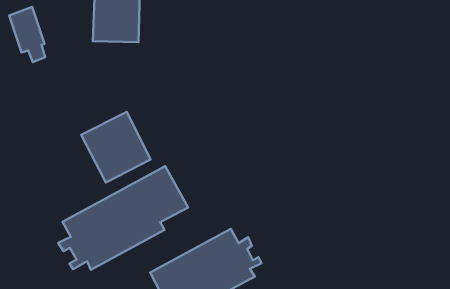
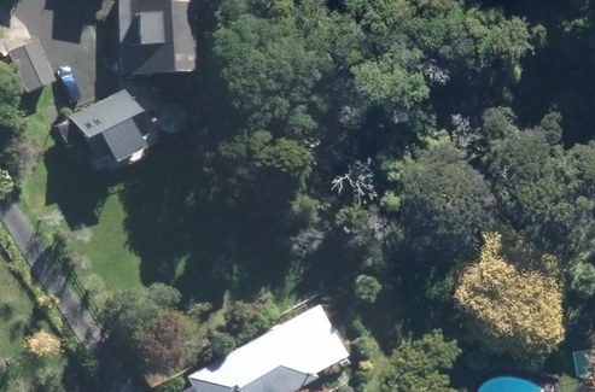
building: [81,112,151,182] -> [70,86,158,175]
building: [58,166,188,270] -> none

